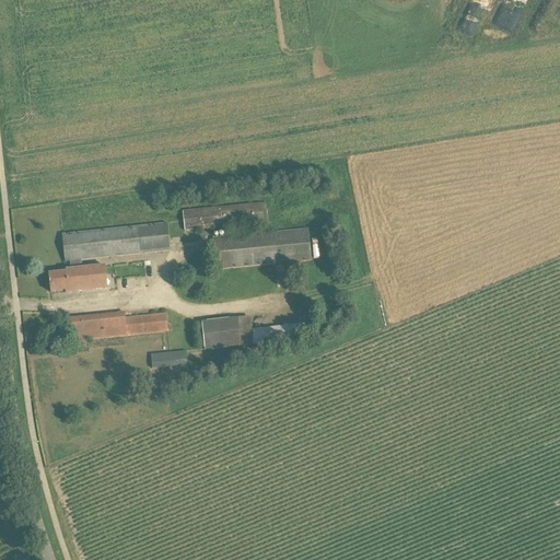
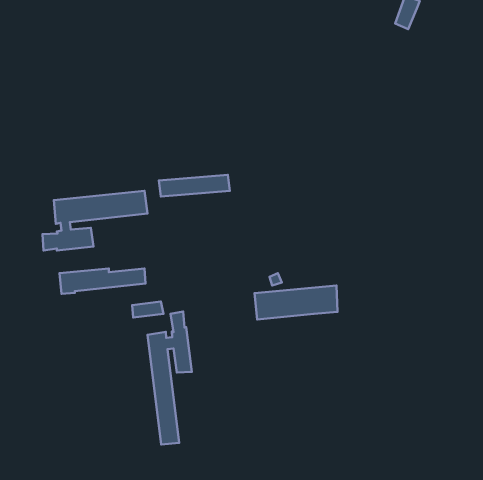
building: [214,228,311,267] -> [254,285,338,319]
building: [203,316,255,348] -> none
building: none -> [148,311,192,445]

